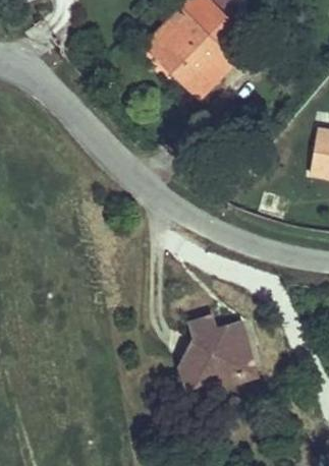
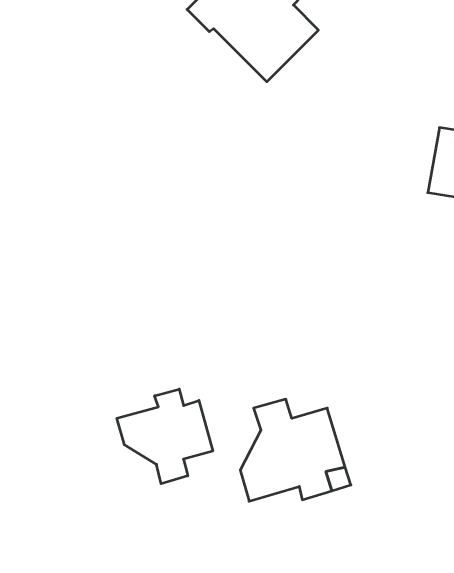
building: none -> [117,389,213,484]

